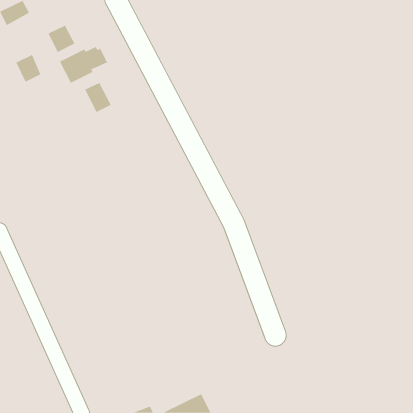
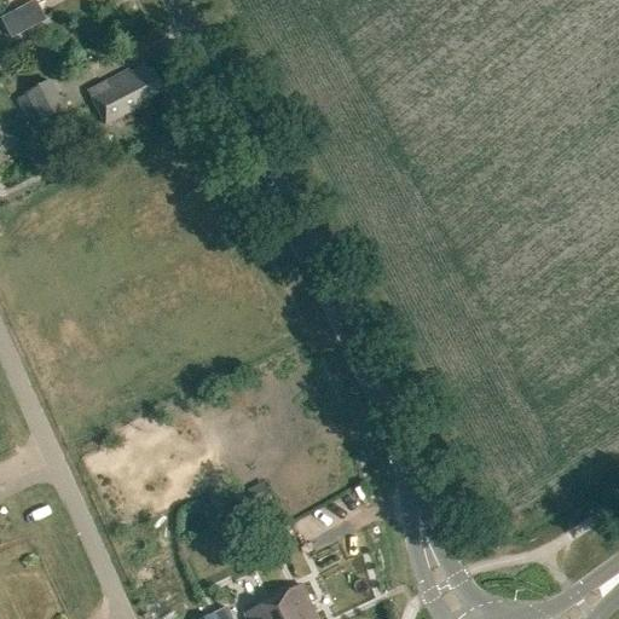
building: [48,25,75,53] -> none
building: [85,82,112,113] -> none

